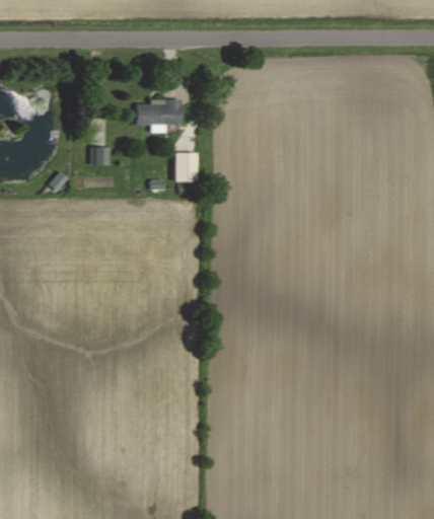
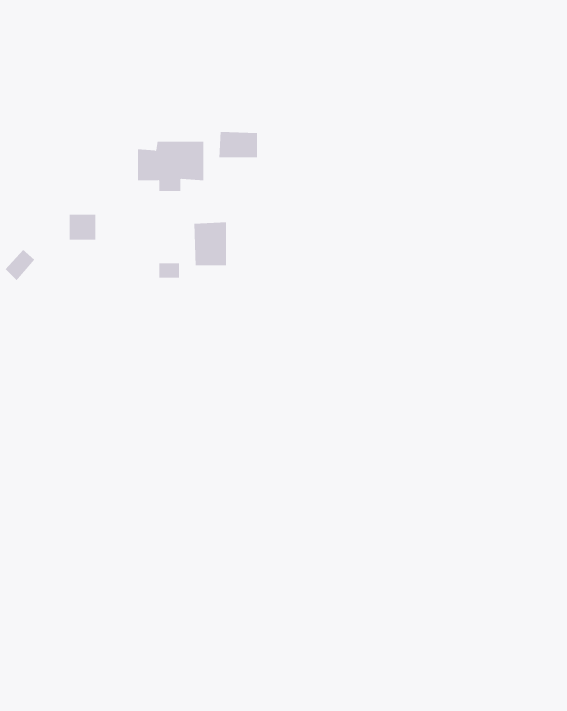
building: none -> [219,131,258,158]

